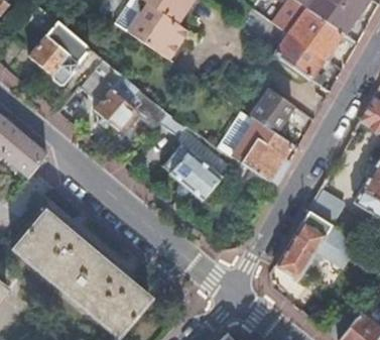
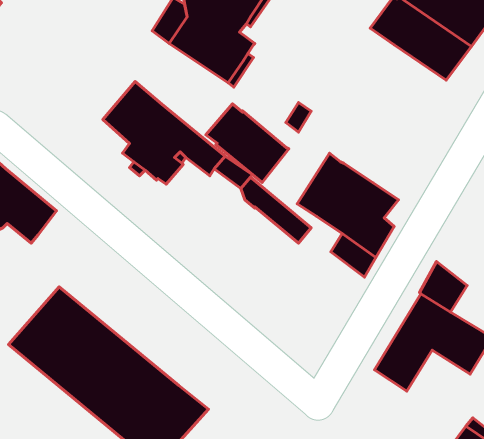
building: [29,22,90,86] -> none
building: [274,34,326,79] -> none
building: [250,91,292,133] -> none
building: [162,145,222,202] -> [206,104,289,183]

